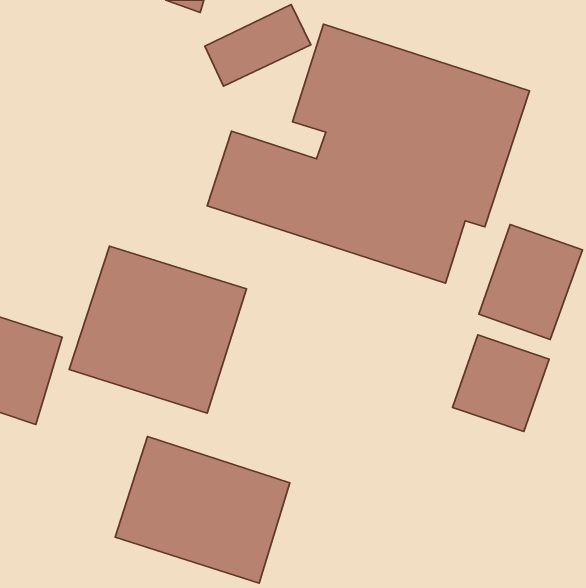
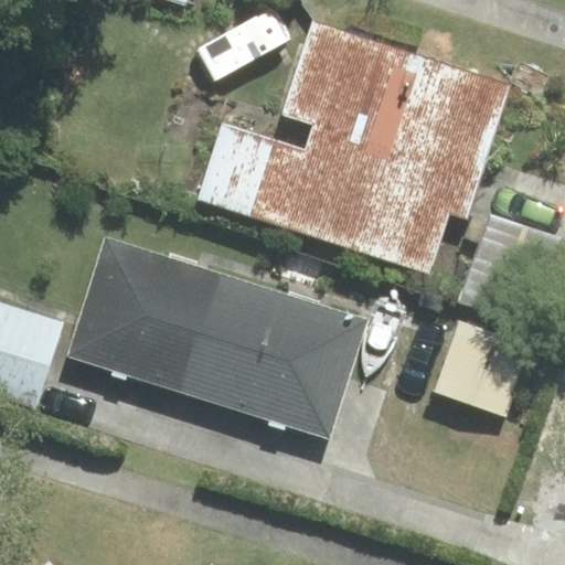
building: none -> [199,277,364,437]
building: [115,437,290,583] -> none

